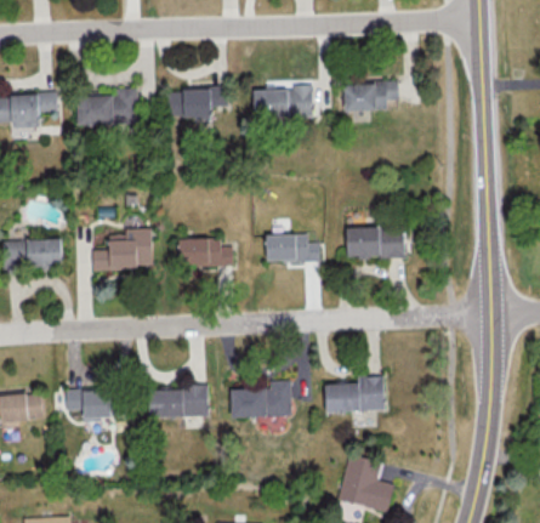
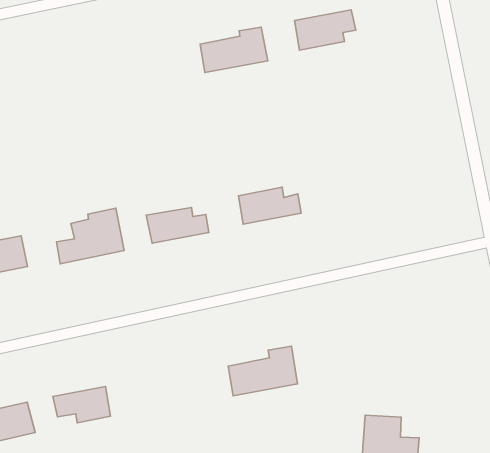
building: [183,87,227,118] -> none
building: [78,89,138,126] -> none
building: [346,227,404,258] -> none
building: [324,376,385,413] -> none
building: [149,388,208,417] -> none

